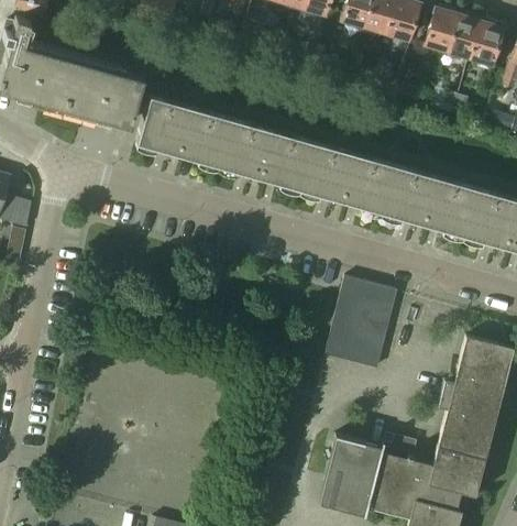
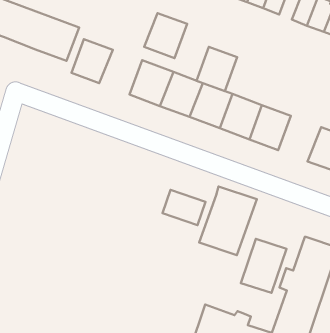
building: none -> [197,47,237,91]
building: [174,108,229,166] -> [144,13,187,58]
building: [420,177,475,237] -> none
building: none -> [162,190,206,225]
building: none -> [241,239,286,293]

